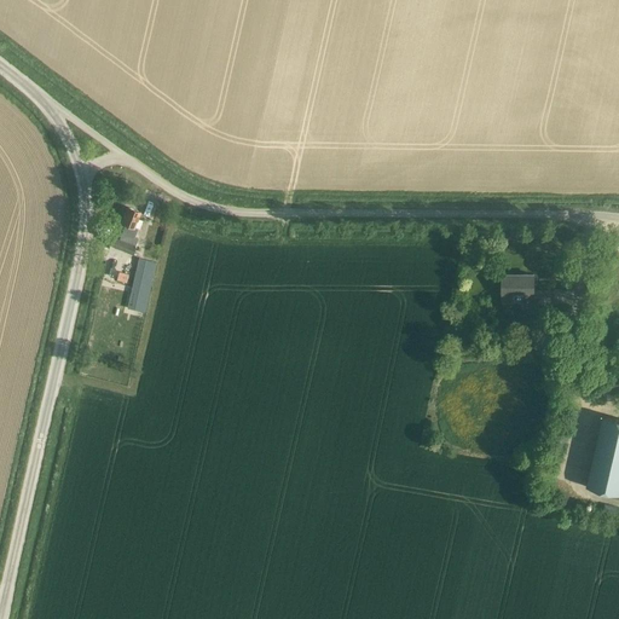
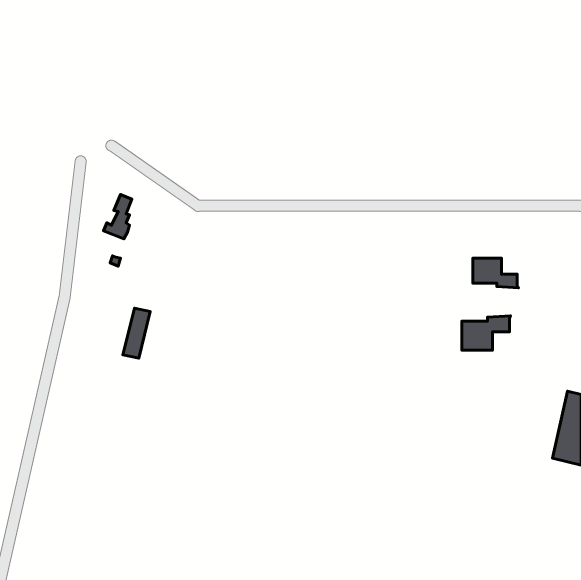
building: [127,260,156,313] -> [123,308,150,358]
building: none -> [462,316,511,350]

